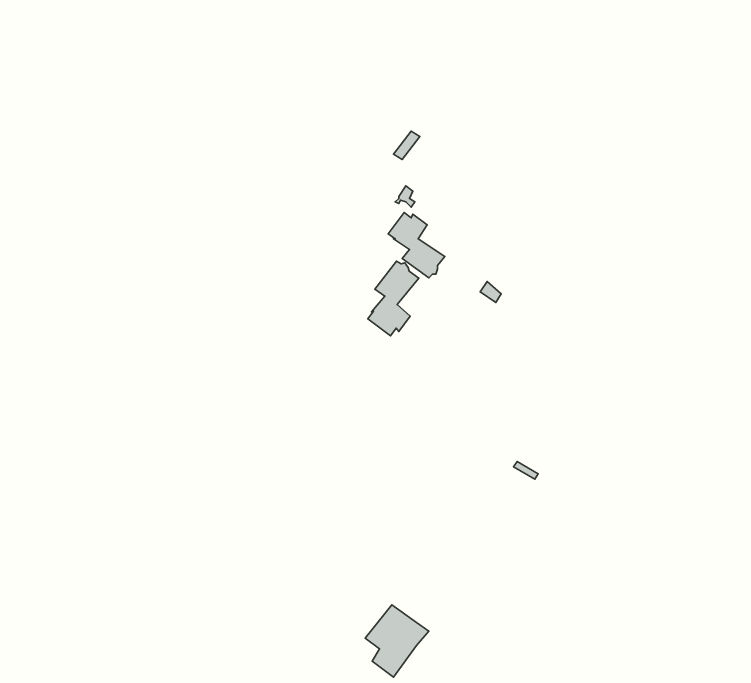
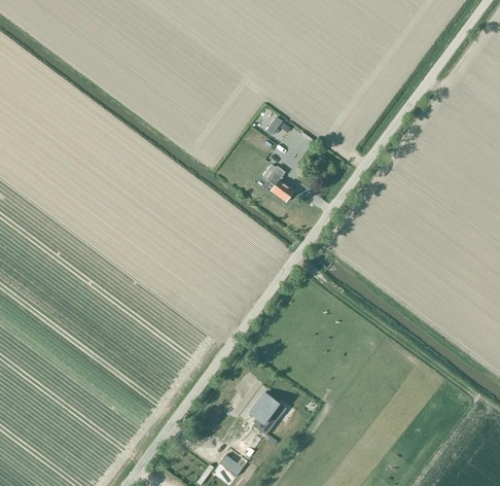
building: [368,261,419,336] -> none

